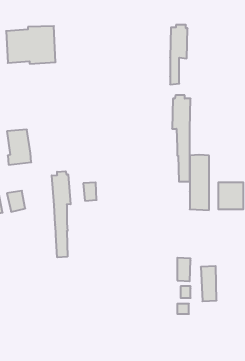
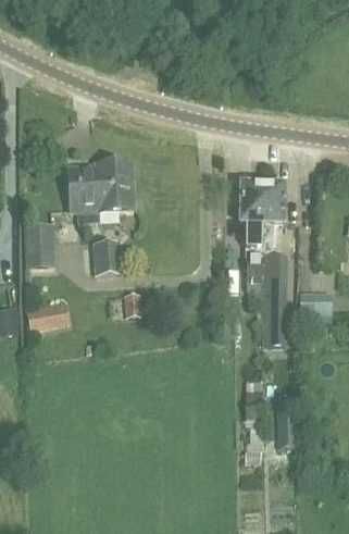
building: [170,25,188,84] -> [261,181,284,258]
building: [6,26,56,64] -> [68,162,133,211]
building: none -> [91,241,123,275]
building: [52,171,71,257] -> none

